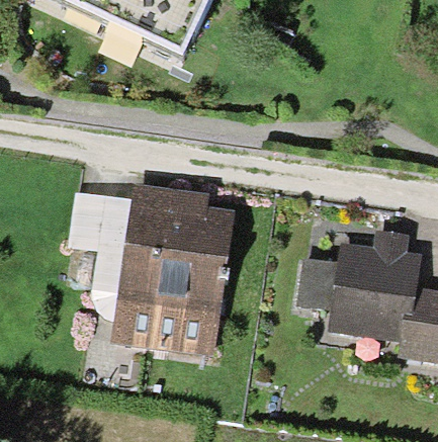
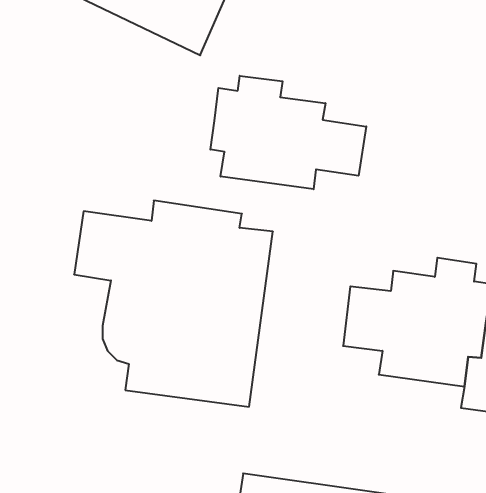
building: none -> [210,76,366,189]

